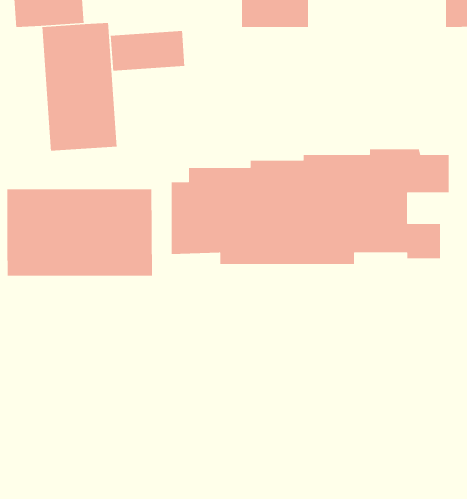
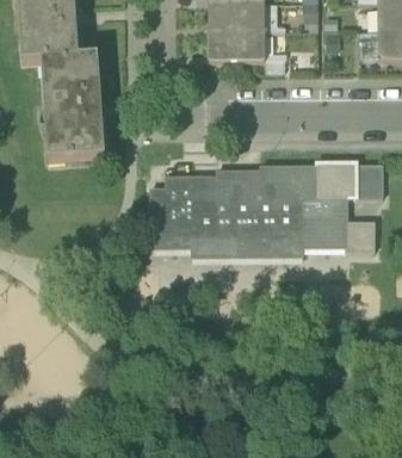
building: [110,30,185,71] -> none
building: [7,189,153,276] -> none

